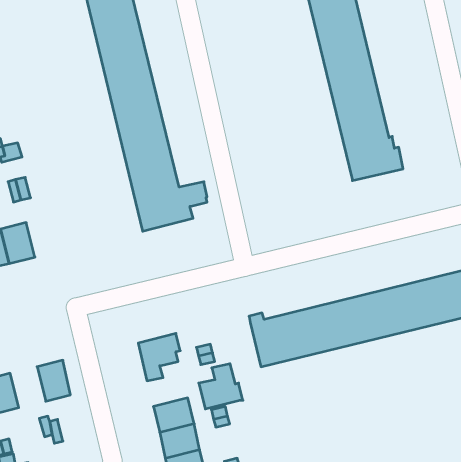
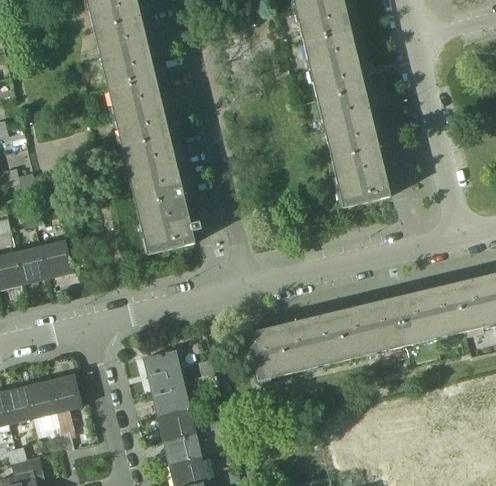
building: none -> [41,239,74,277]
building: [199,364,243,409] -> [153,374,194,416]
building: none -> [26,379,59,417]

